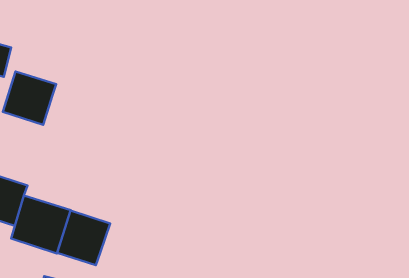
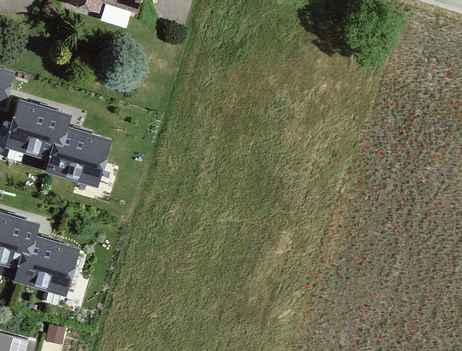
building: none -> [43,126,108,188]
building: [57,211,110,265] -> none

